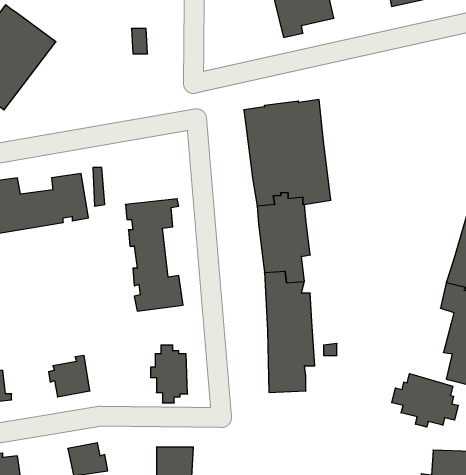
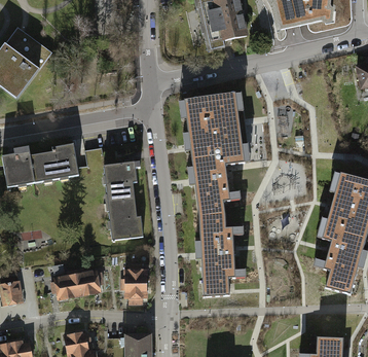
building: none -> [74,269,102,294]
building: [392,374,458,427] -> none

